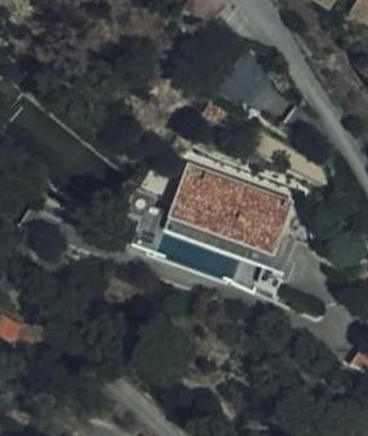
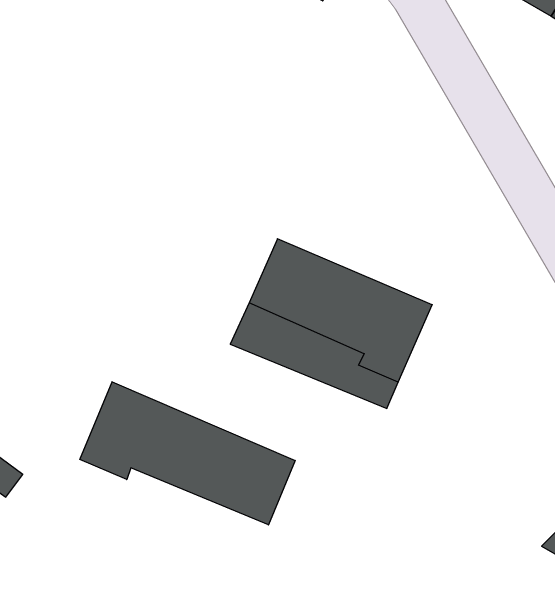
building: none -> [80,382,295,525]

